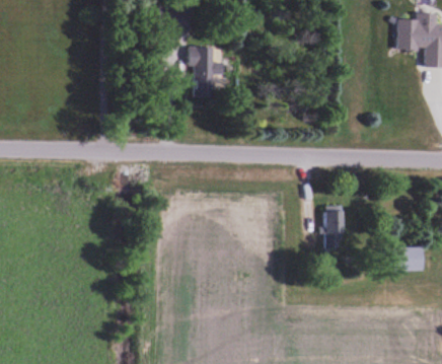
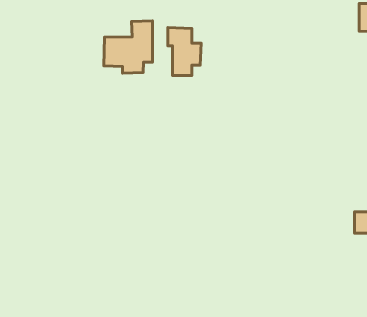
building: none -> [104,21,152,73]
building: [323,209,345,246] -> none

